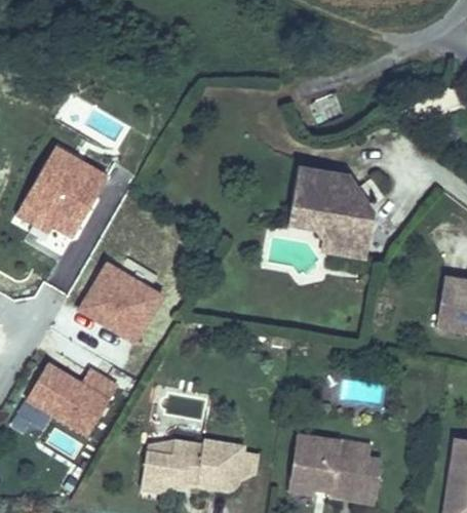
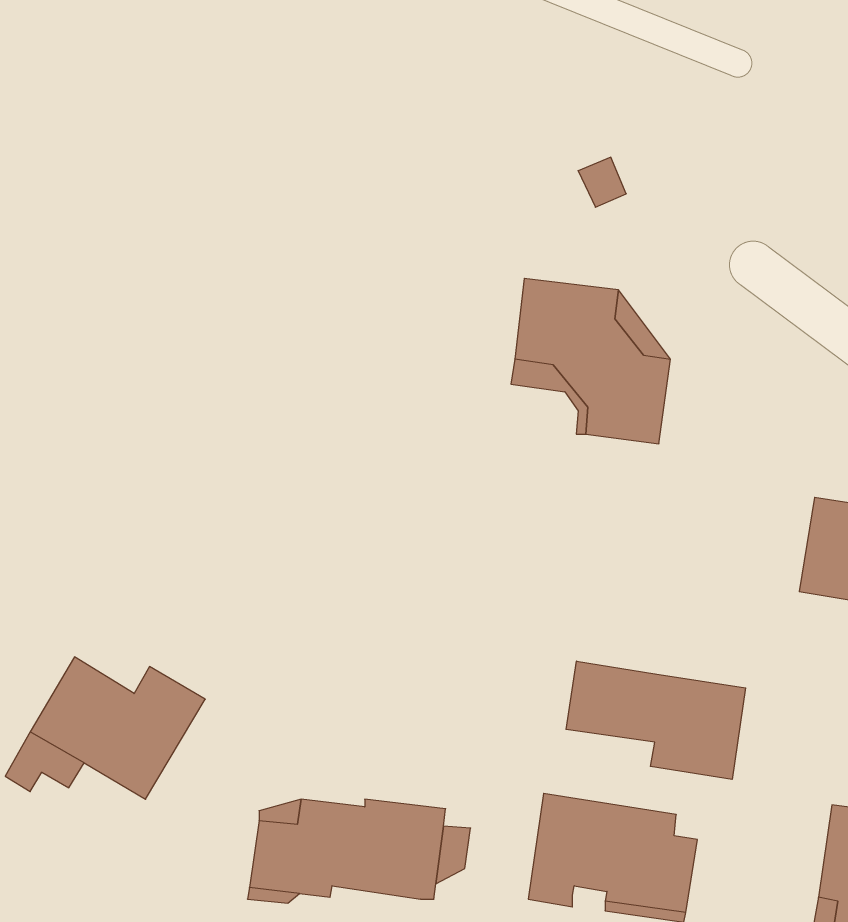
building: [15,142,111,238] -> none
building: [76,258,166,344] -> none
building: none -> [566,661,746,779]

